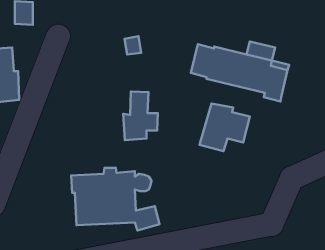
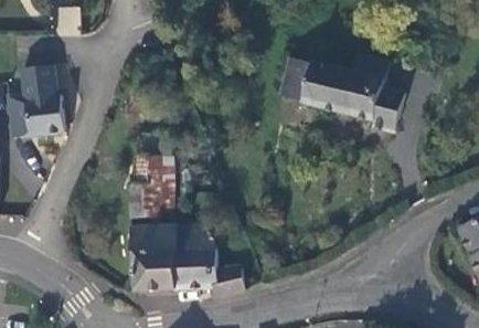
building: [123,91,158,140] -> [129,154,173,215]
building: [200,103,250,151] -> none

